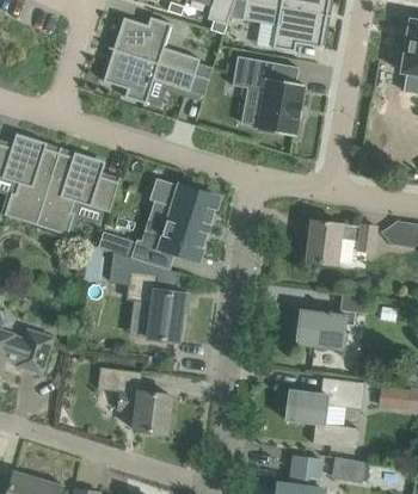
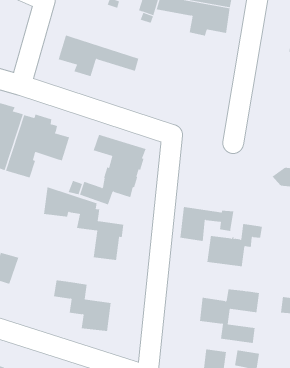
building: [107,17,211,80] -> none
building: [232,56,305,136] -> none
building: [306,220,376,265] -> [180,207,234,242]

